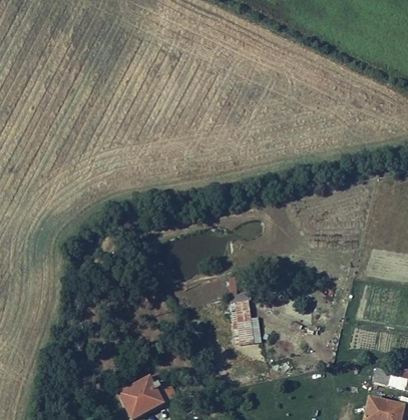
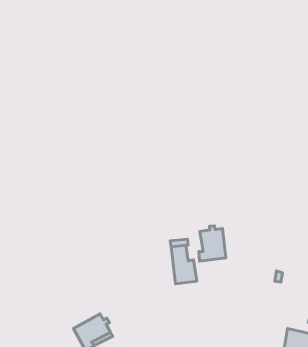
building: none -> [199,226,226,261]

